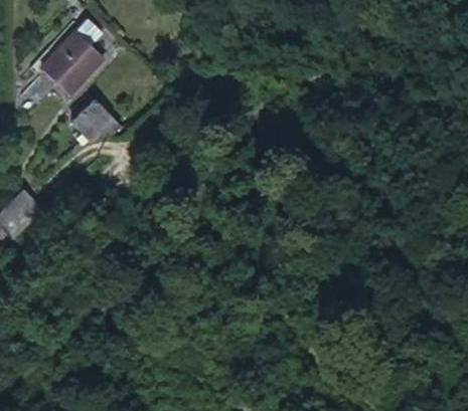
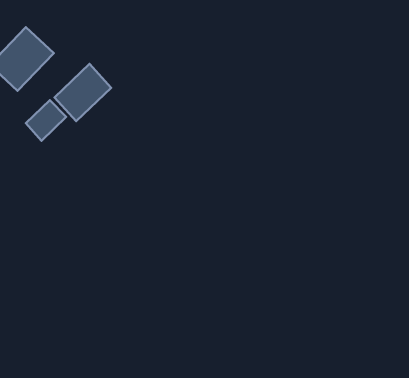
building: none -> [55,64,111,121]

